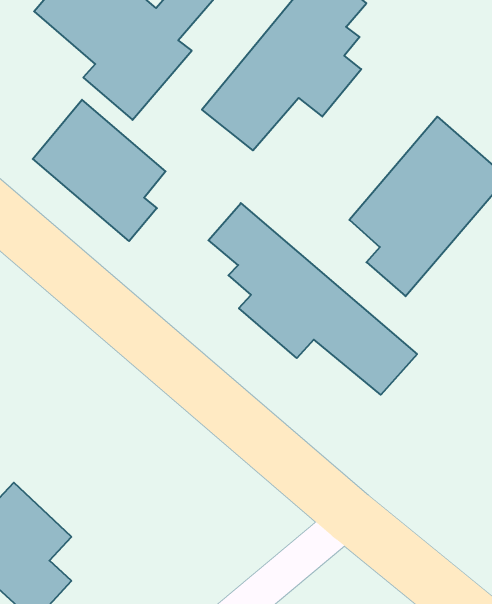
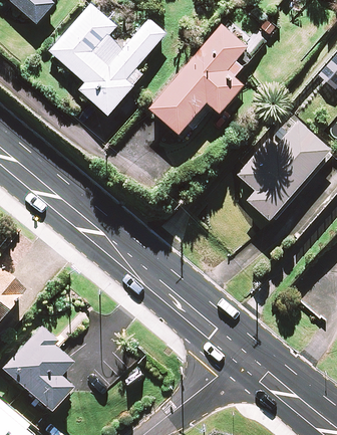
building: [33,100,166,241] -> none
building: [208,203,417,395] -> none

